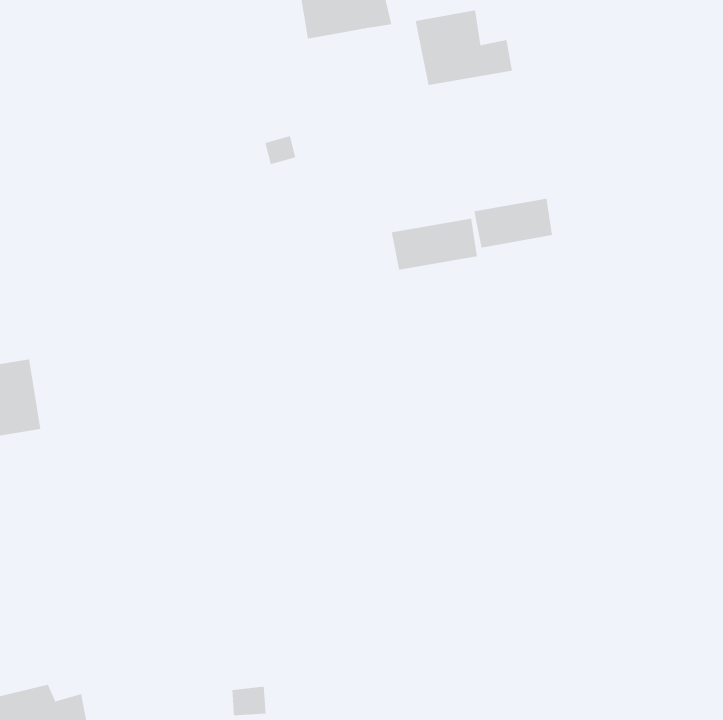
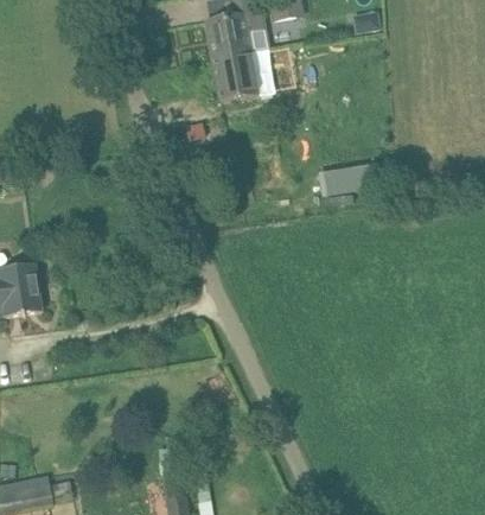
building: [415,10,513,86] -> [212,53,275,102]
building: [391,218,477,270] -> none

